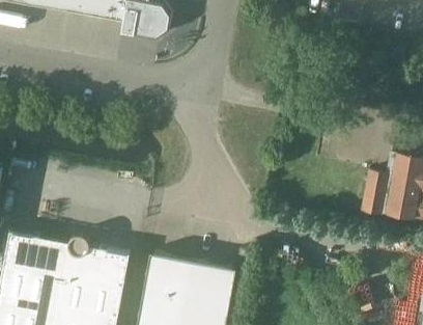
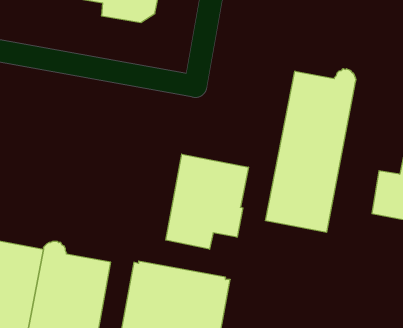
building: none -> [266,69,356,232]
building: none -> [166,154,248,249]

